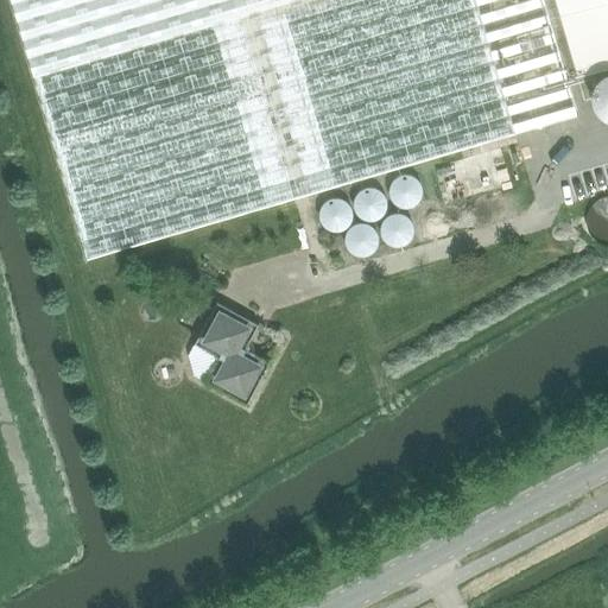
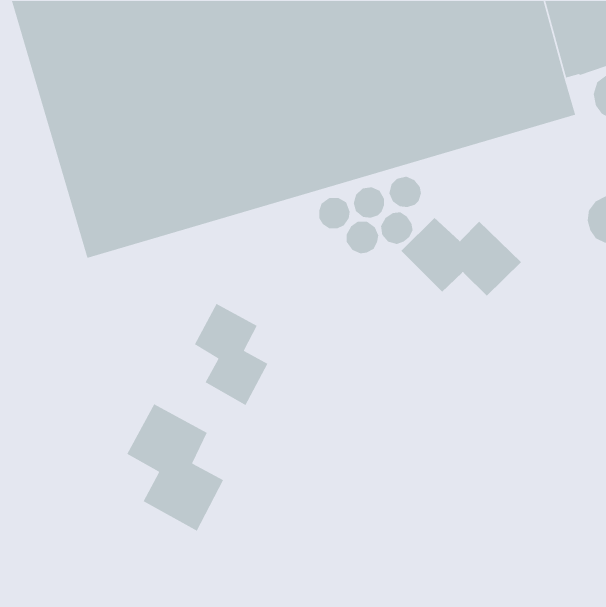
building: none -> [401,217,522,297]
building: none -> [126,403,224,532]

